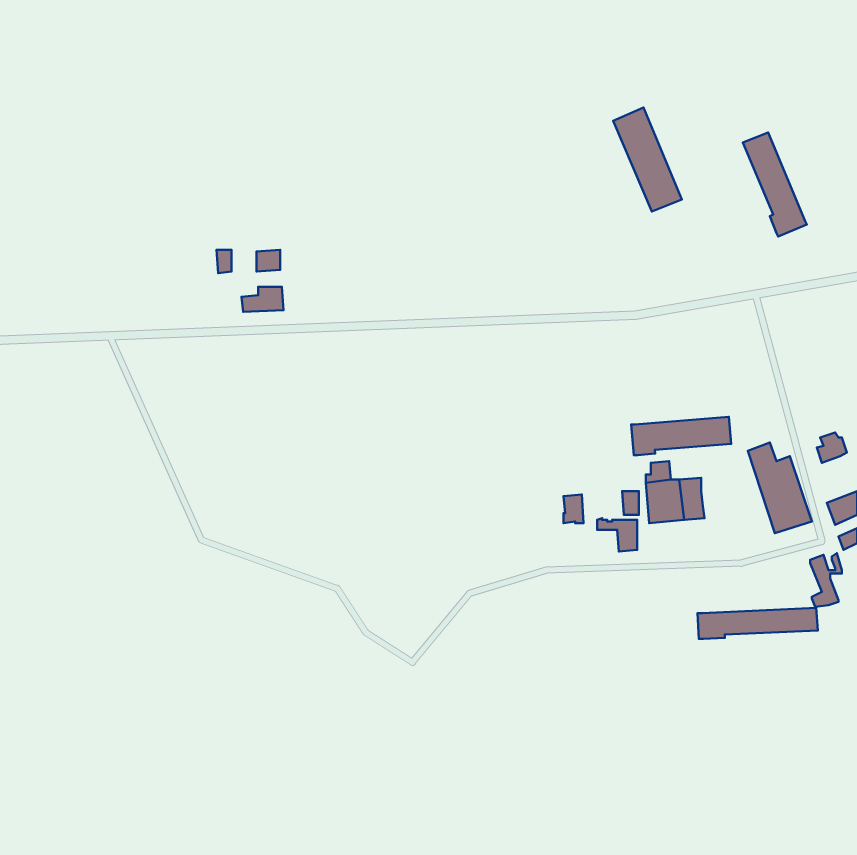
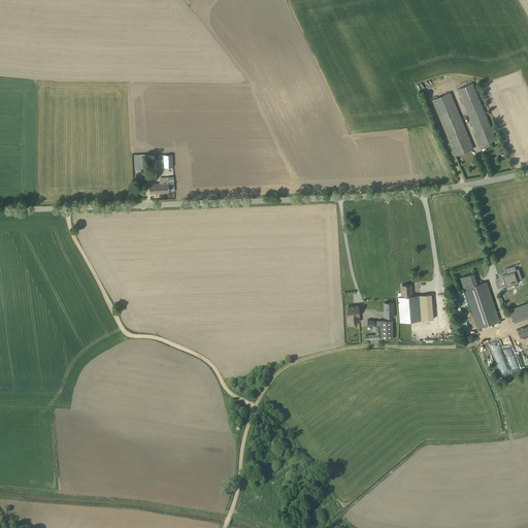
building: [613,107,682,211] -> [431,92,473,156]
building: [631,417,731,455] -> none
building: [698,608,818,639] -> none

